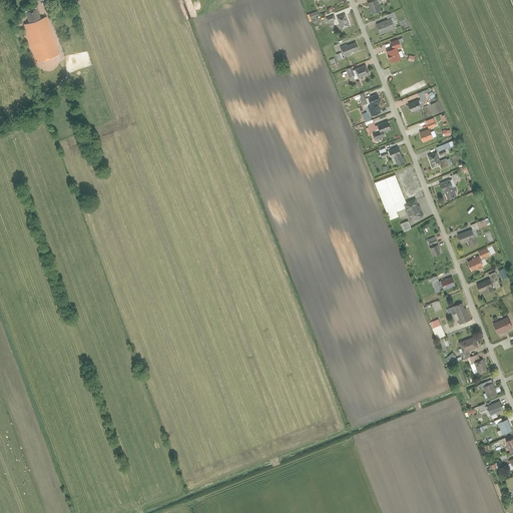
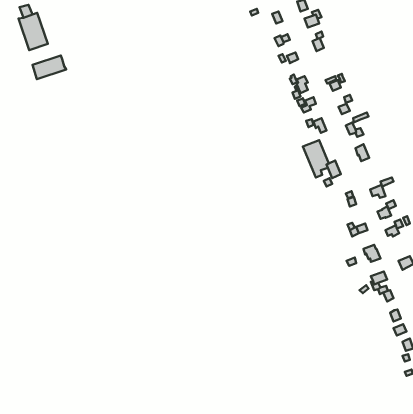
building: none -> [32,55,66,79]

